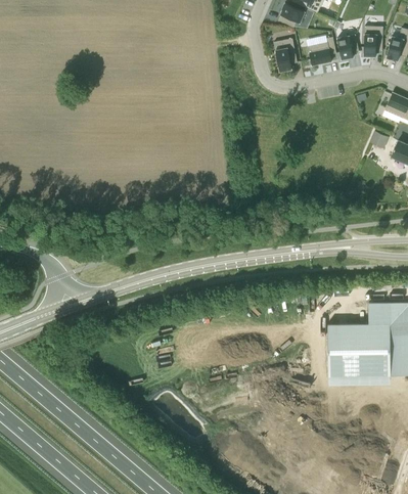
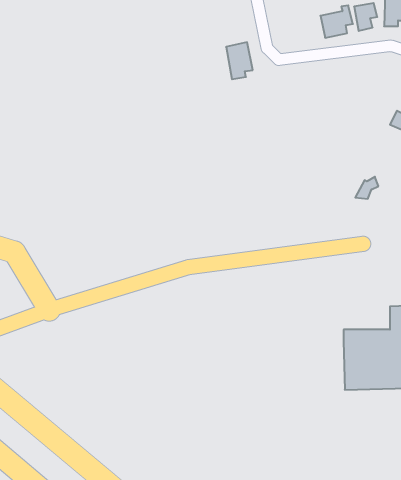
building: [274,39,298,72] -> [226,42,253,79]

